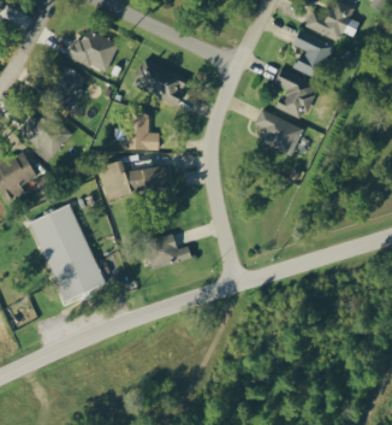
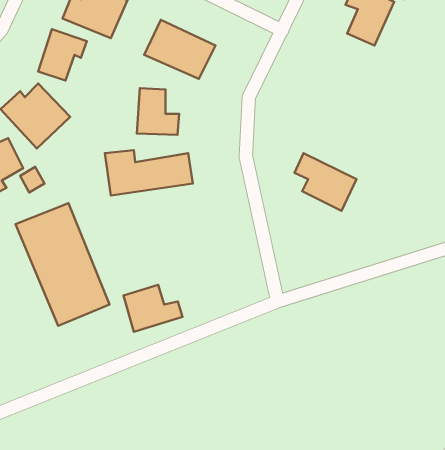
building: [273,70,316,119] -> none
building: [253,110,302,155] -> [295,153,357,211]
building: [144,234,191,271] -> [123,285,182,332]

